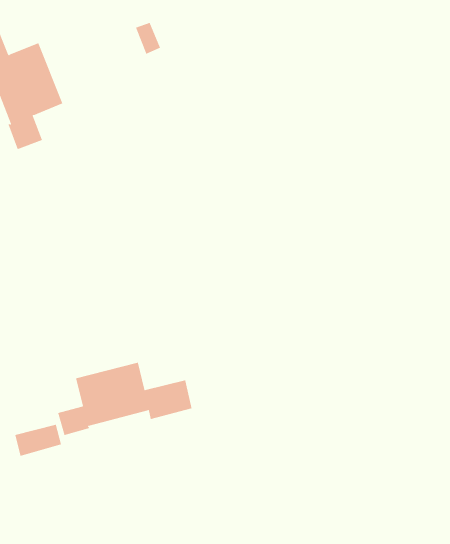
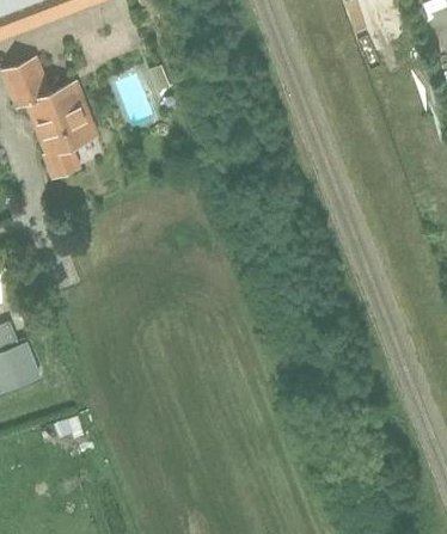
building: [57,362,192,436] -> none

